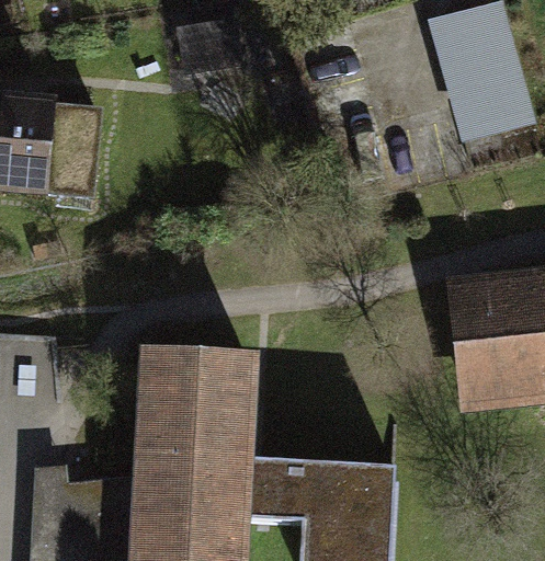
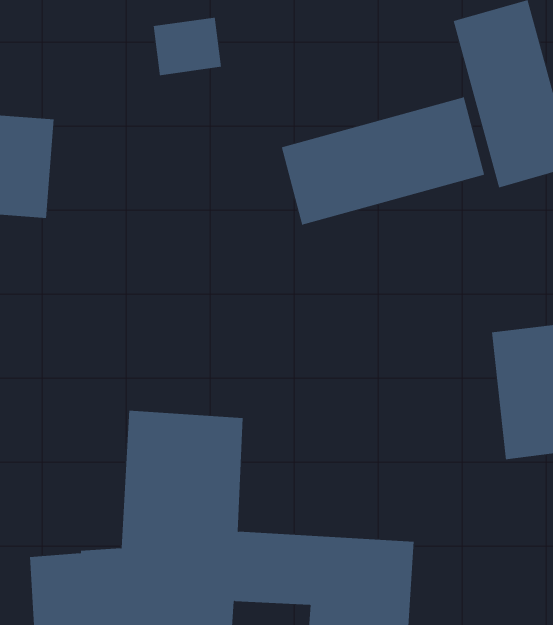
building: none -> [281,97,485,226]

